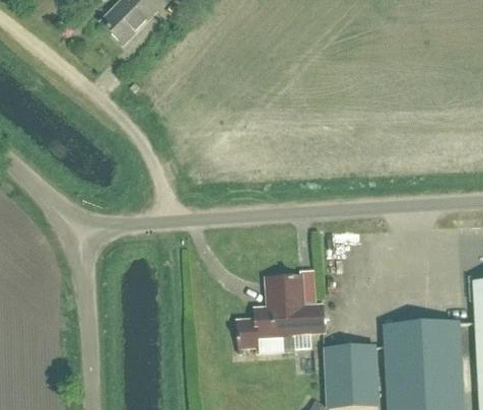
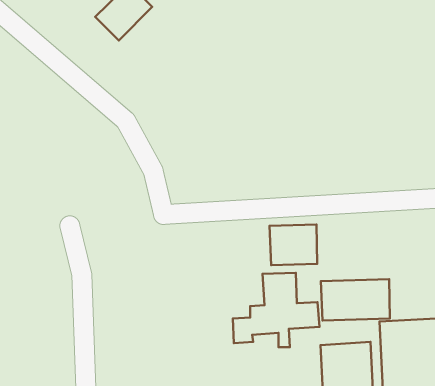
building: none -> [270,224,317,265]
building: none -> [321,279,390,321]

